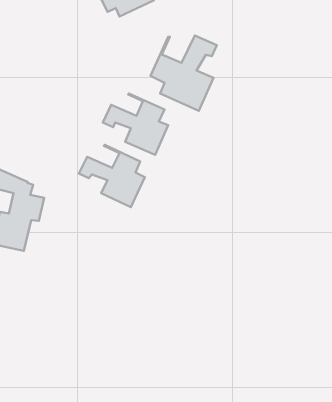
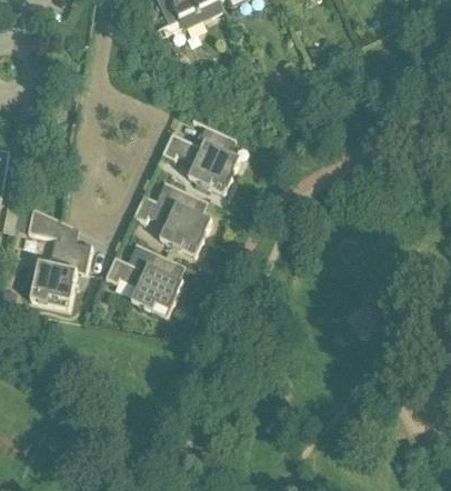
building: [151,36,217,111] -> none
building: none -> [104,243,183,318]

